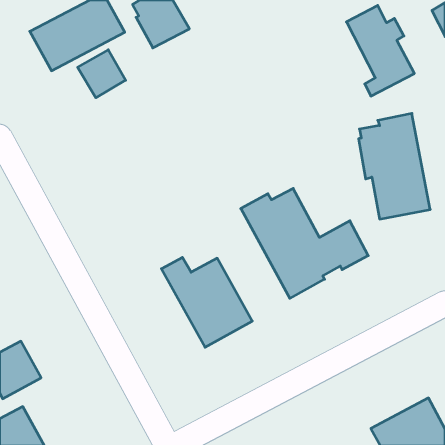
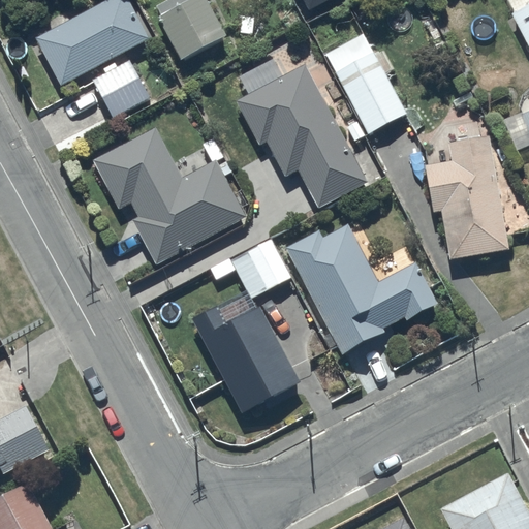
building: [346,5,414,96] -> [325,34,406,142]
building: none -> [236,64,367,208]
building: none -> [93,128,245,262]
building: none -> [230,239,289,298]

